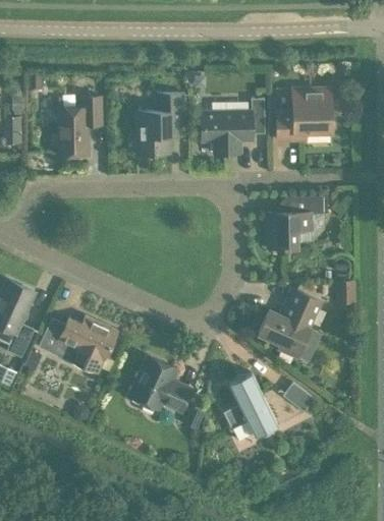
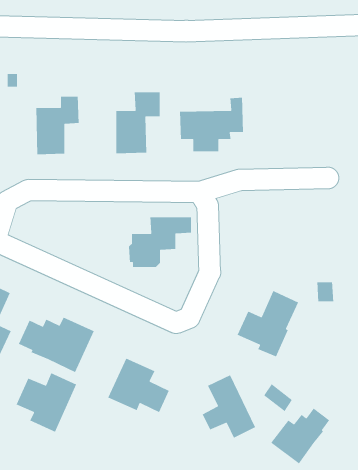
building: [276,88,331,140] -> none
building: [264,197,327,248] -> [128,217,192,268]
building: none -> [16,372,77,433]
building: none -> [270,408,330,464]

